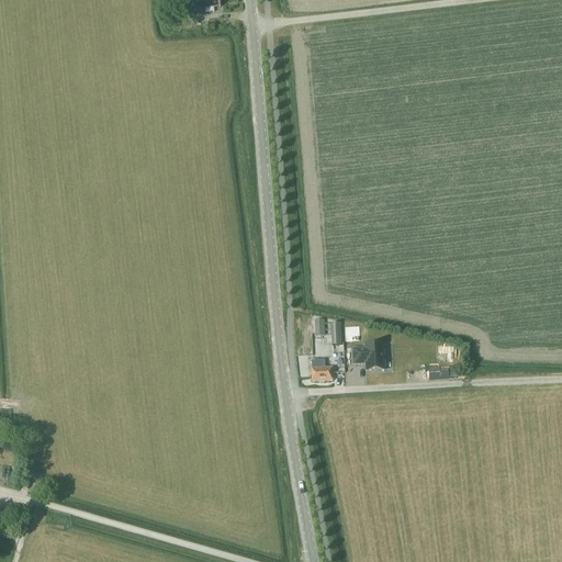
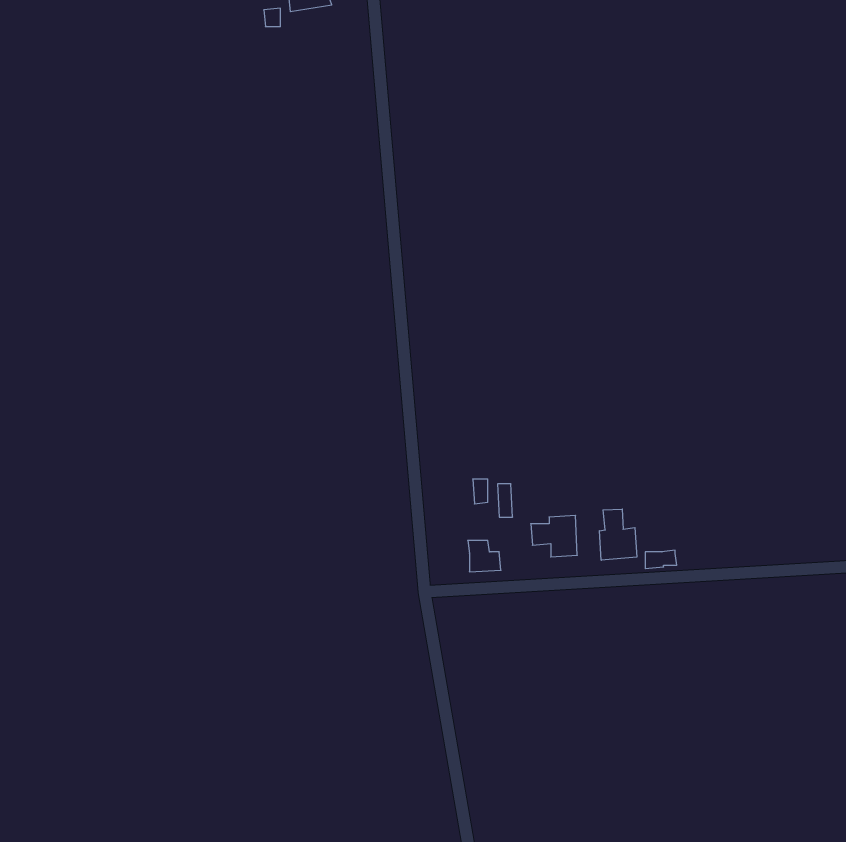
building: none -> [599,509,637,560]

